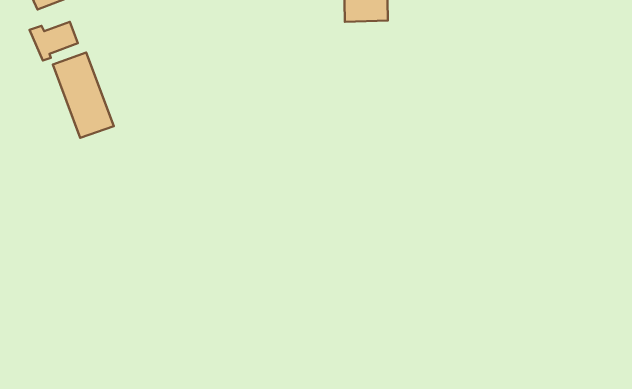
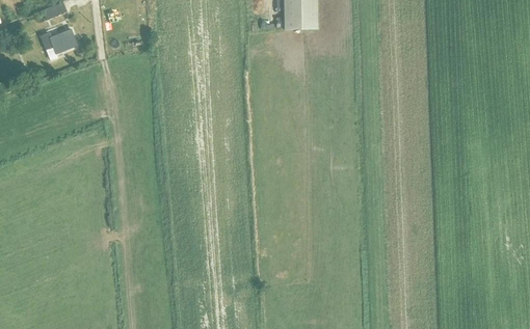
building: [53,53,114,138] -> none

